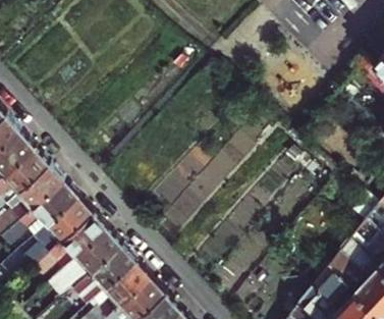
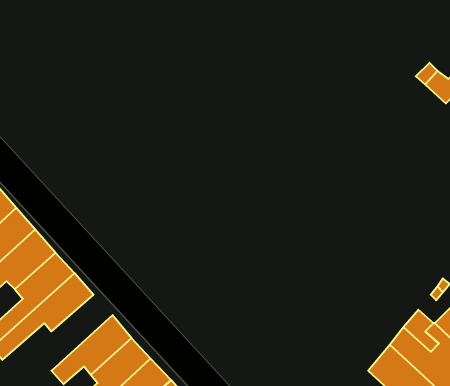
building: [67,229,121,286] -> none

